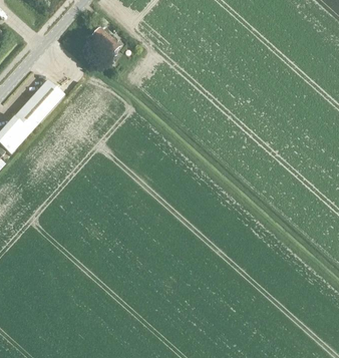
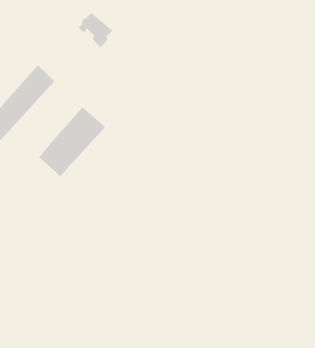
building: none -> [38,107,106,178]

